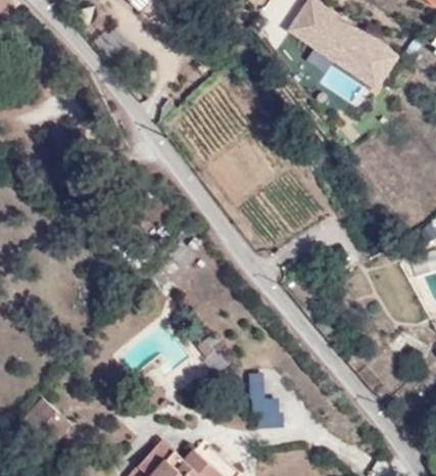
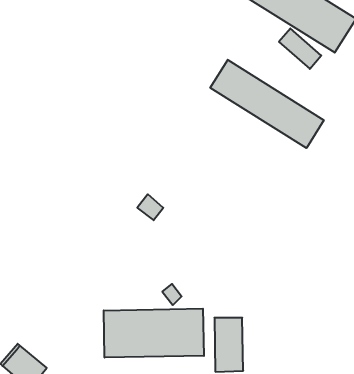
building: none -> [210,60,324,148]
building: none -> [104,309,204,358]

